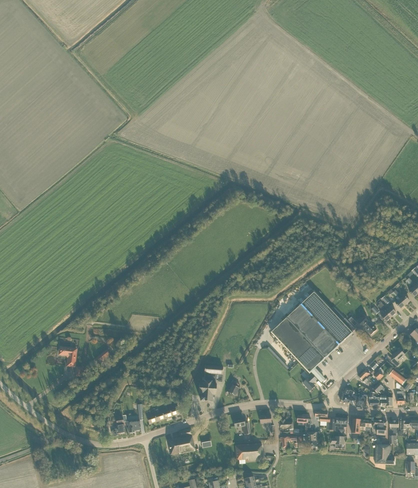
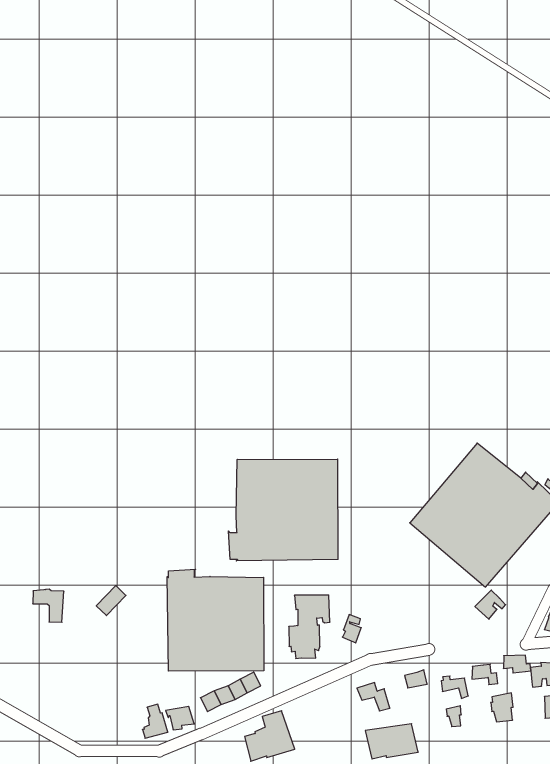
building: none -> [228,459,338,561]
building: none -> [167,569,264,671]

